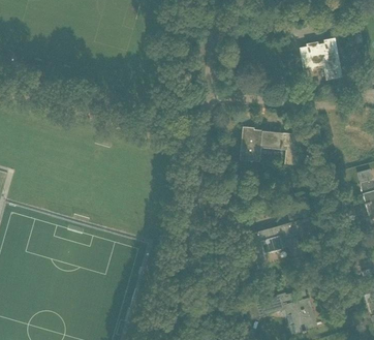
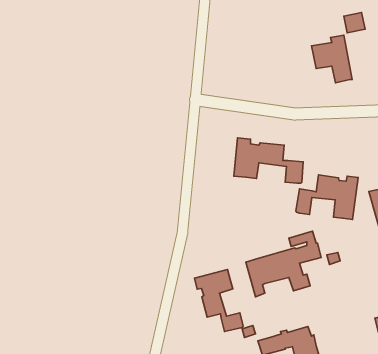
building: none -> [296,175,358,219]
building: none -> [194,269,243,331]

